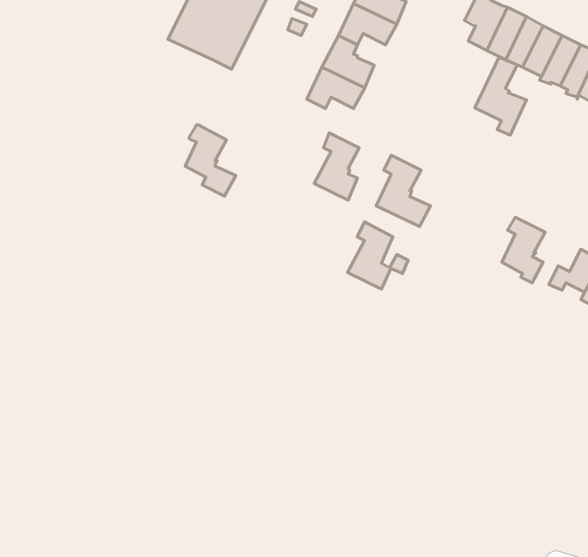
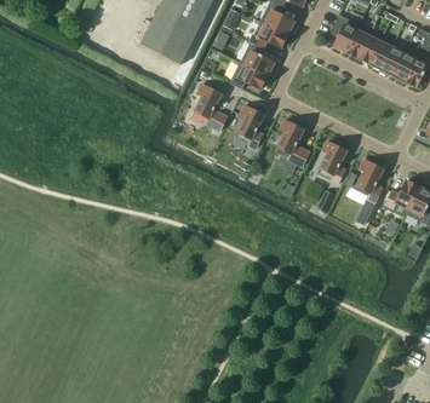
building: [475,58,527,135] -> none
building: [185,125,236,196] -> [195,85,228,131]
building: [348,222,393,289] -> [317,140,346,184]

